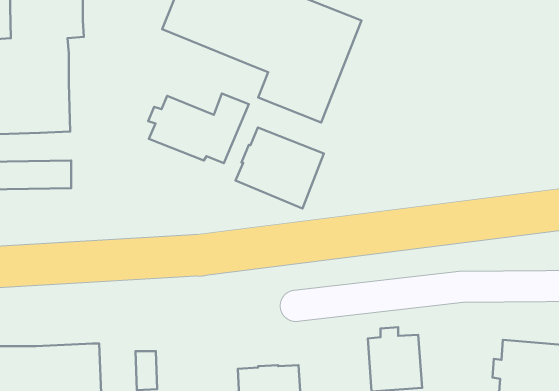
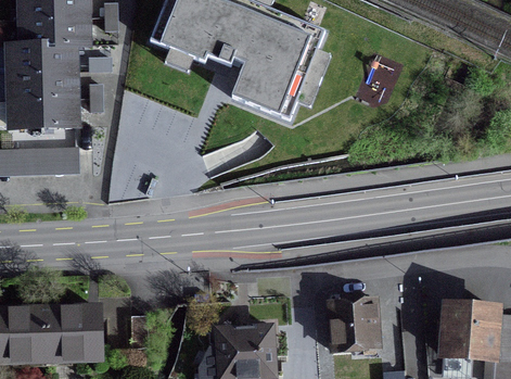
building: [148,93,249,163] -> none
building: [236,128,324,208] -> none

